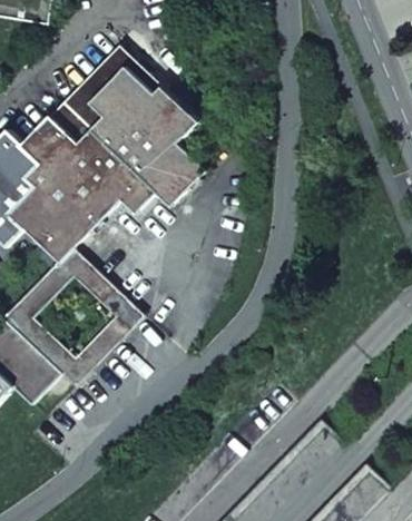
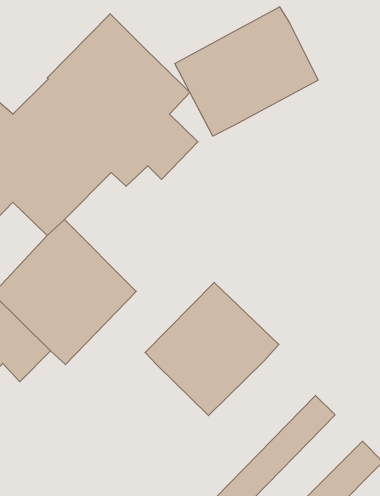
building: none -> [175,7,318,136]
building: none -> [145,282,279,416]

